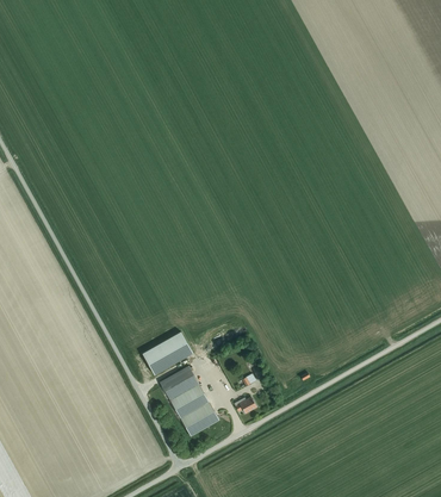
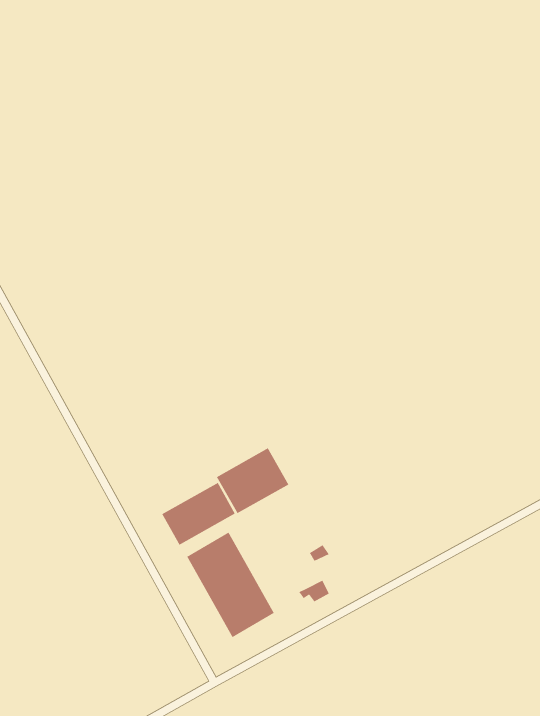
building: none -> [216,447,289,514]

